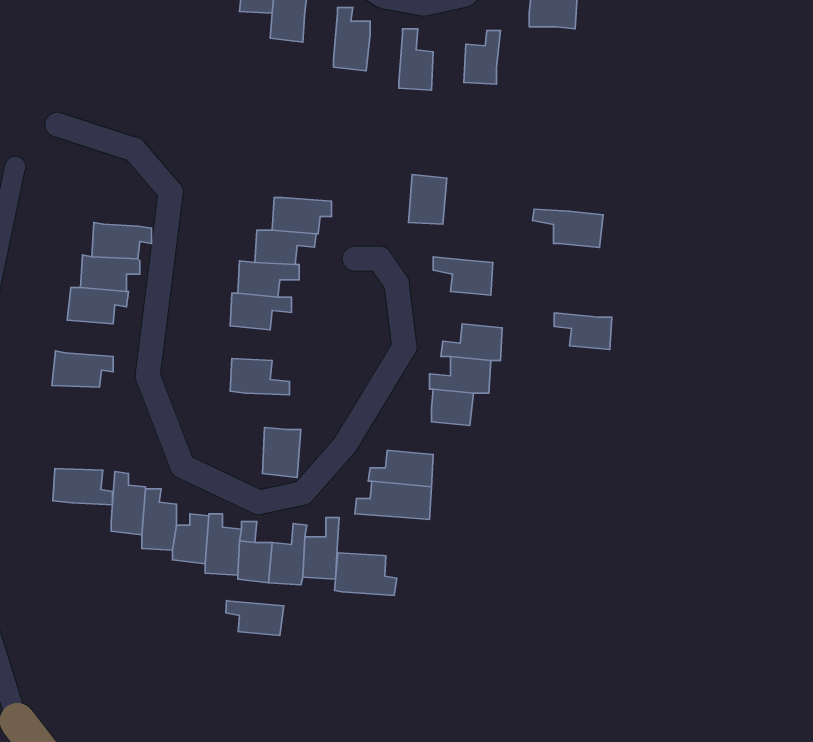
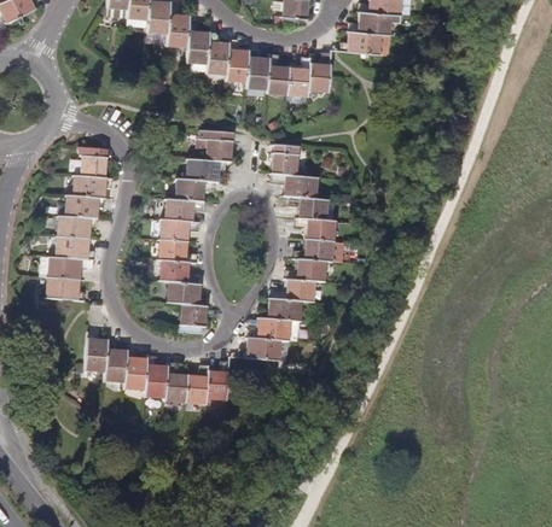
building: none -> [205,42,228,72]
building: none -> [287,55,310,103]
building: none -> [246,57,269,87]
building: none -> [186,129,232,162]
building: none -> [81,147,106,177]
building: [532,209,603,247] -> [272,175,316,199]
building: [554,313,612,350] -> [297,218,333,241]
building: none -> [57,236,94,259]
building: none -> [158,240,197,263]
building: none -> [168,282,198,305]
building: none -> [261,299,301,321]
building: [53,468,112,505] -> [47,277,85,300]
building: [334,553,397,596] -> none
building: [226,600,284,636] -> none

